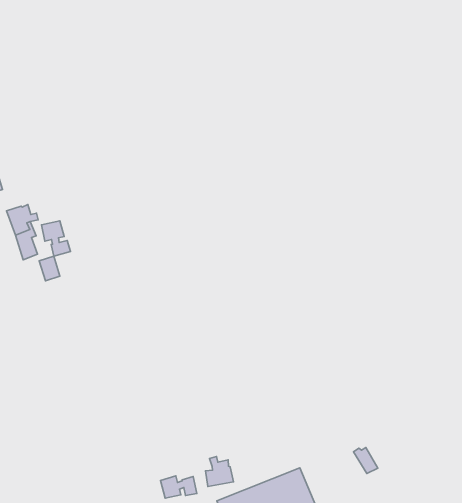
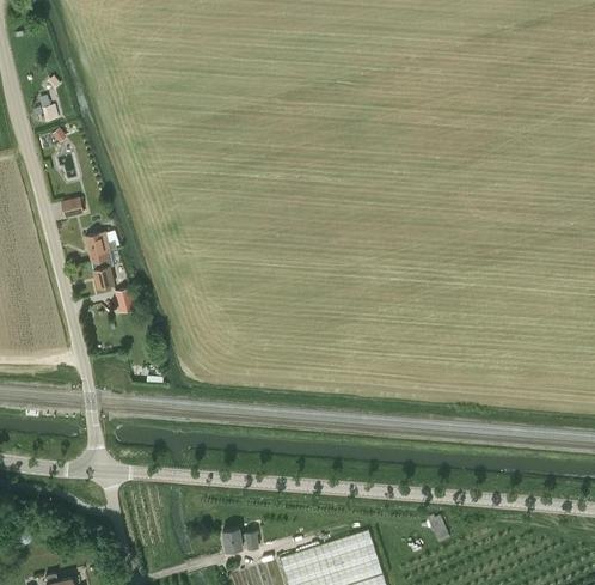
building: [42,221,71,256] -> none
building: [205,457,234,487] -> none

